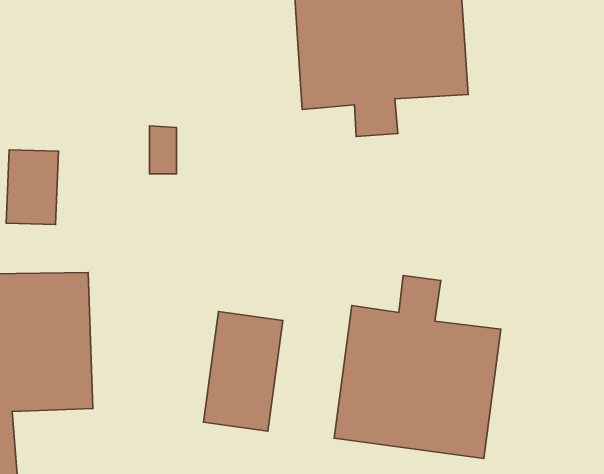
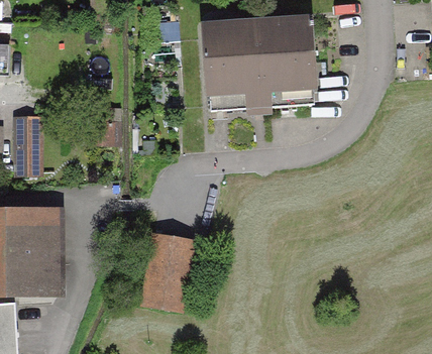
building: [334,275,501,458] -> none

